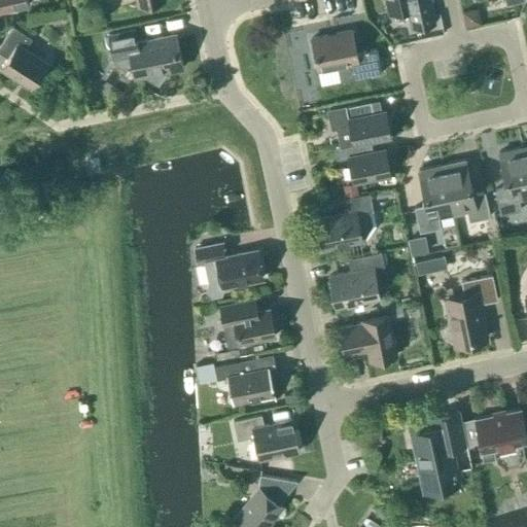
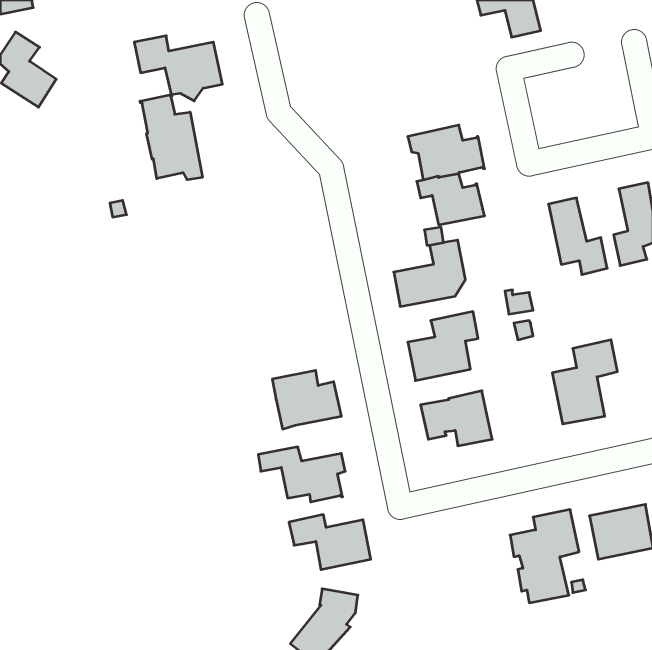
building: [312,32,382,81] -> none
building: none -> [140,94,202,180]
building: [415,167,453,234] -> none
building: [196,244,264,297] -> none

